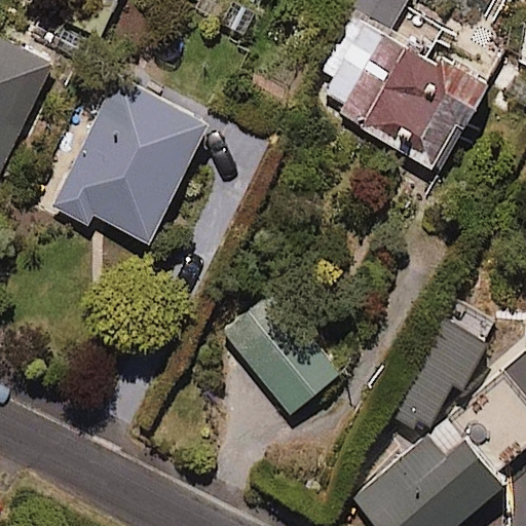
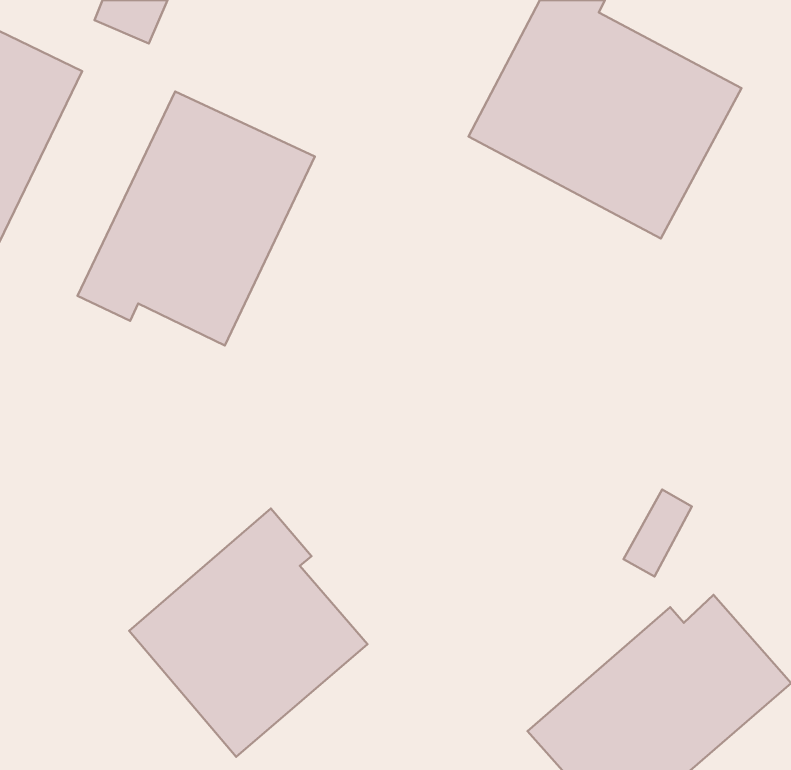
building: [223,296,342,419] -> none
building: none -> [129,509,368,757]

